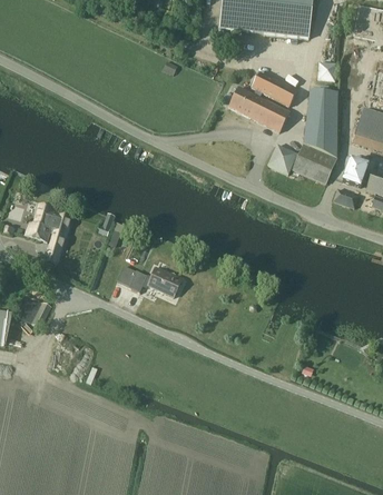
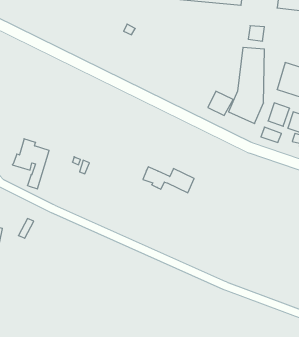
building: [229,72,296,131] -> none
building: [118,265,181,297] -> [143,167,194,193]

